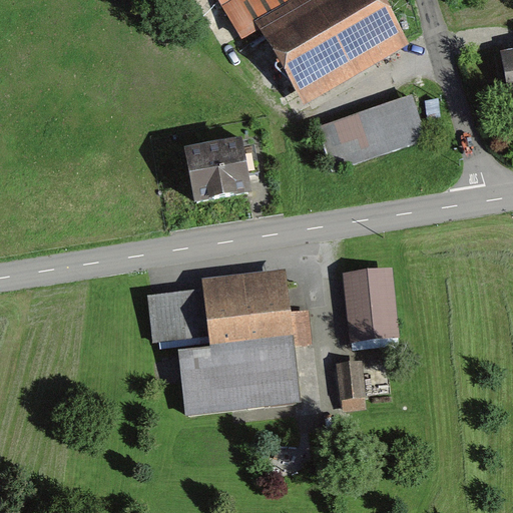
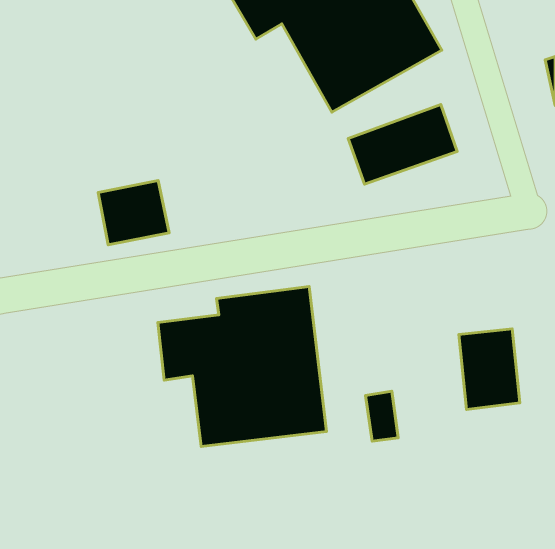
building: [185,146,250,205] -> [98,180,169,245]
building: [344,269,400,343] -> [459,329,520,410]

